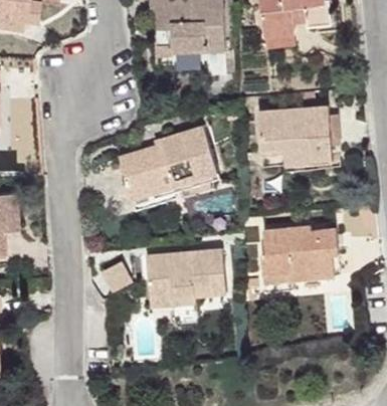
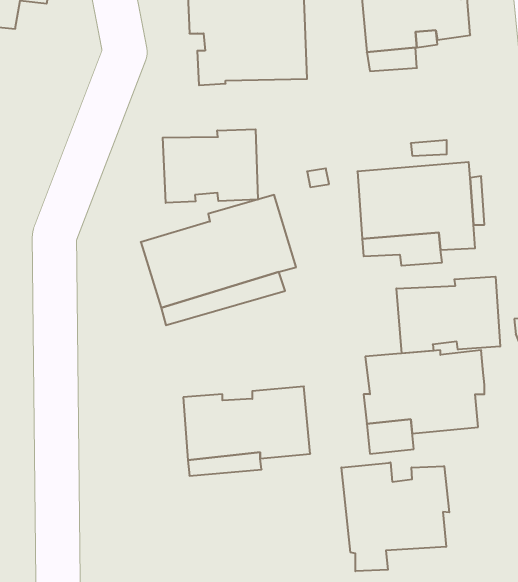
building: none -> [163,129,258,203]
building: none -> [396,277,500,353]
building: none -> [341,462,449,571]

